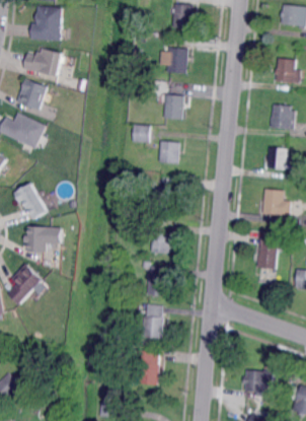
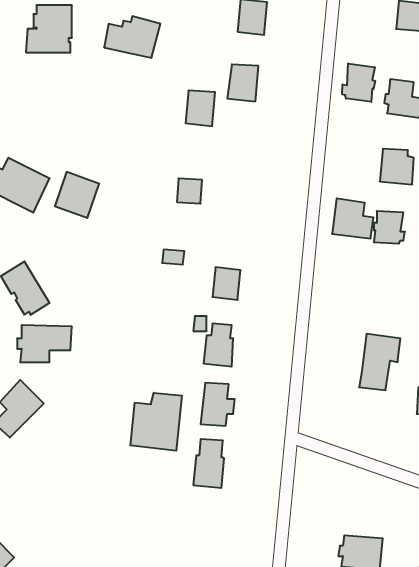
building: none -> [342,63,375,102]
building: [21,49,60,77] -> [104,16,160,58]
building: [15,79,46,111] -> [55,172,99,218]
building: [164,95,184,120] -> [186,91,215,126]
building: [159,141,180,163] -> none
building: [261,190,290,217] -> [332,198,374,238]
building: none -> [131,393,182,451]
building: [131,352,158,387] -> none

